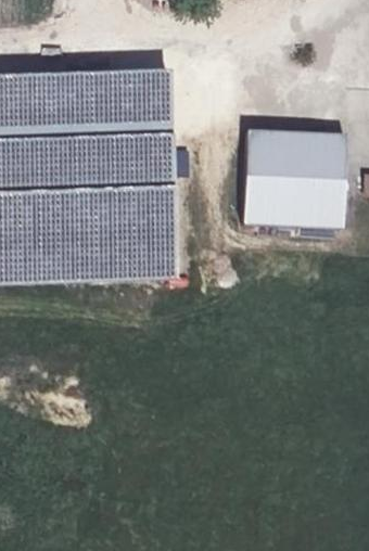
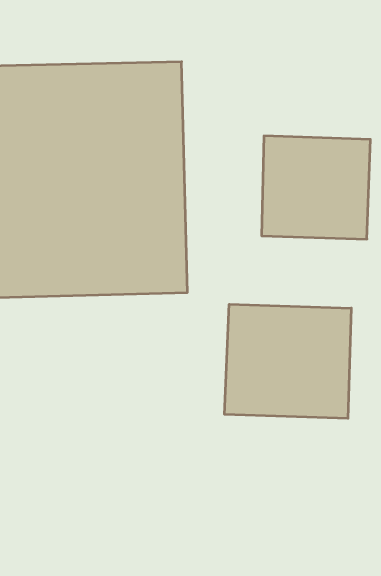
building: none -> [225,304,351,418]

